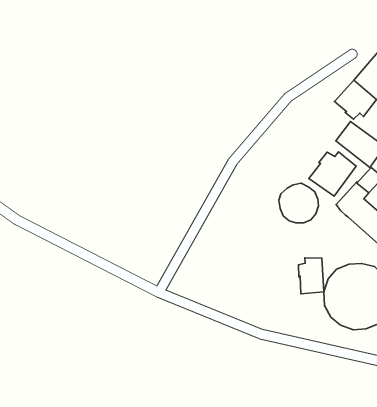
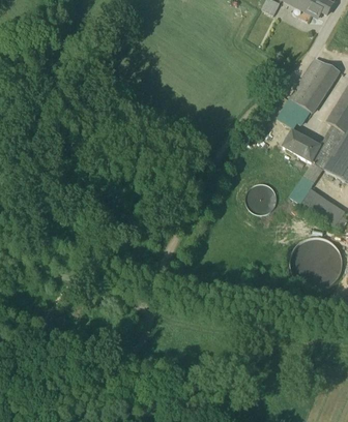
building: [309,152,356,196] -> none
building: [299,258,324,294] -> none

